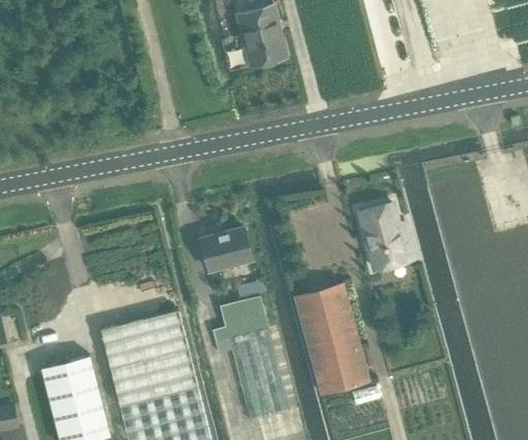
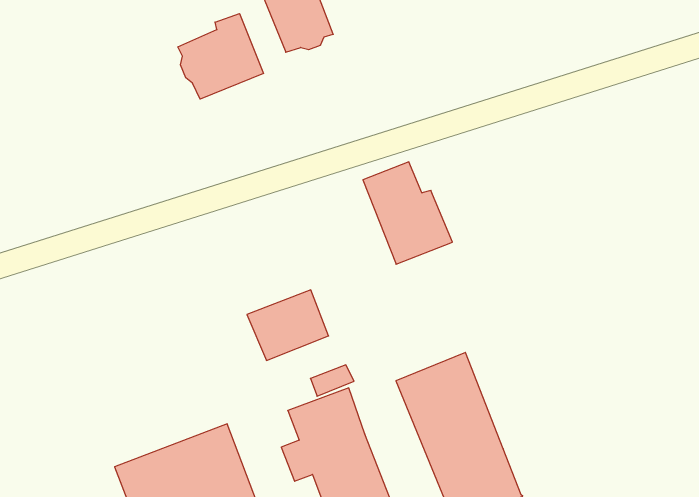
building: none -> [178,14,264,99]
building: [360,203,415,270] -> [363,162,452,264]

